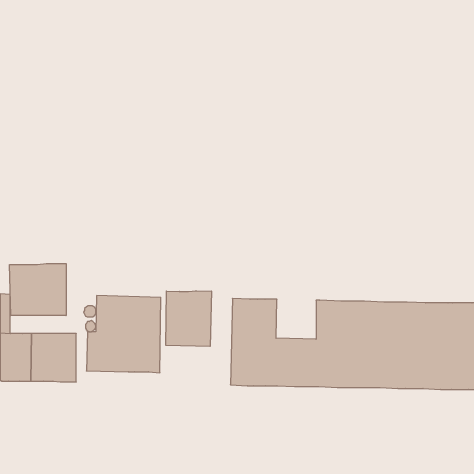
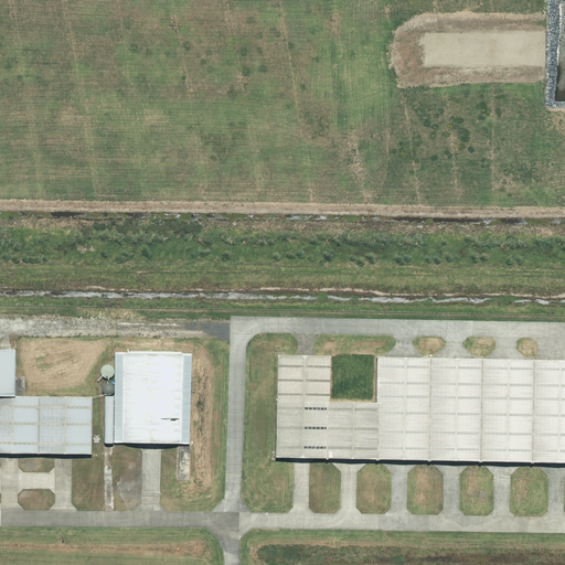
building: [10,264,66,316] -> none
building: [166,291,211,346] -> none

